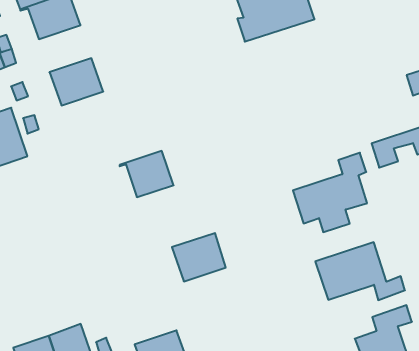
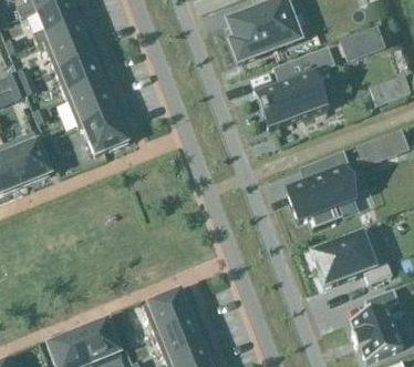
building: none -> [342,24,384,55]
building: none -> [56,54,104,98]
building: none -> [256,47,335,131]
building: [120,151,174,197] -> [80,112,128,154]
building: [172,233,226,281] -> [144,290,193,335]

